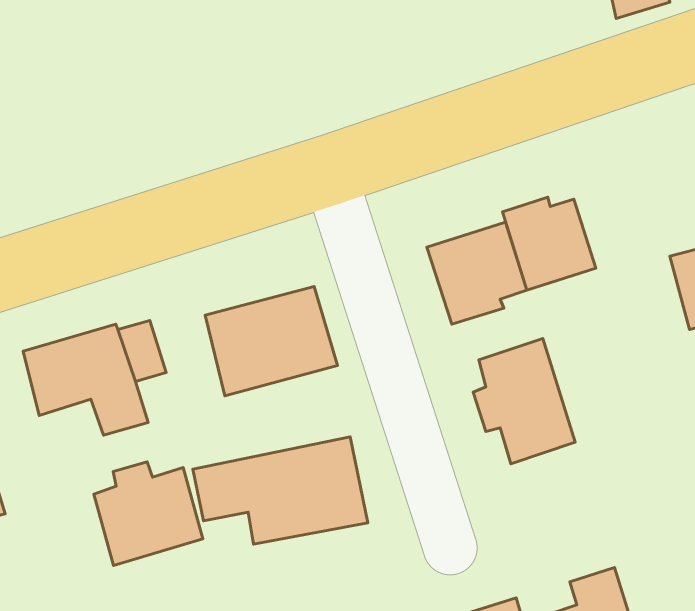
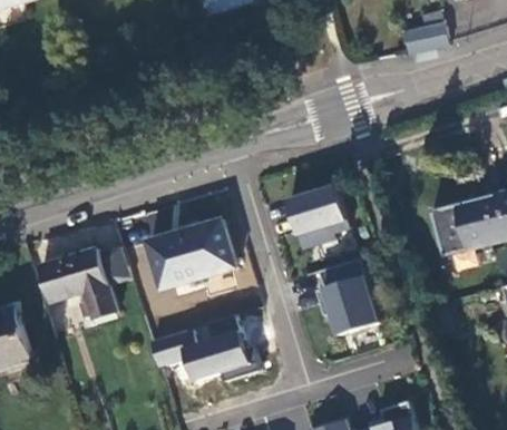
building: [503,197,596,290] -> none
building: [94,462,203,566] -> none

